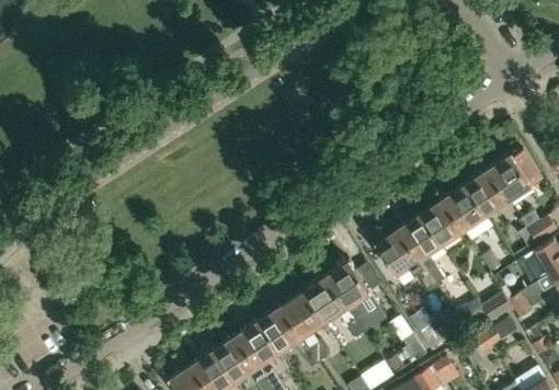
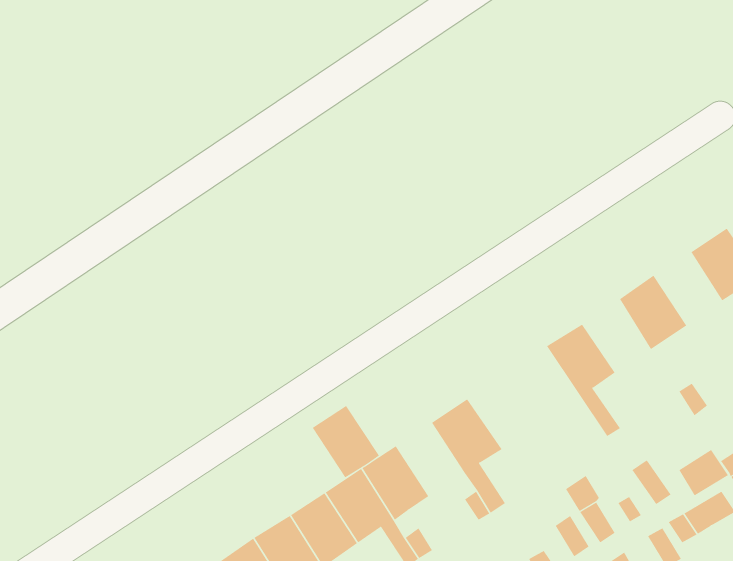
building: [466,169,509,215] -> none
building: [421,198,464,244] -> none
building: [375,228,436,290] -> none
building: [304,276,346,322] -> [312,405,380,478]

